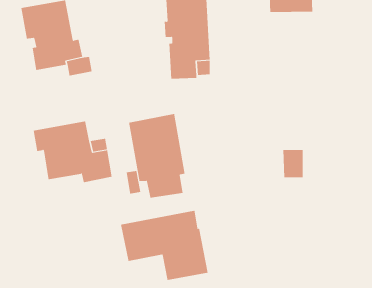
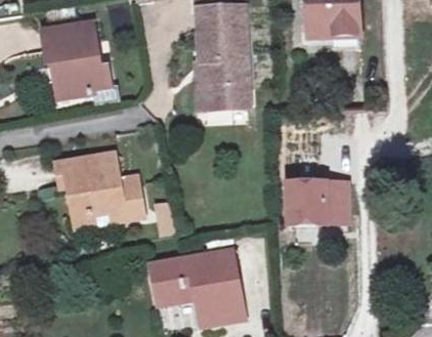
building: [129,113,185,199] -> none
building: none -> [289,183,327,224]

